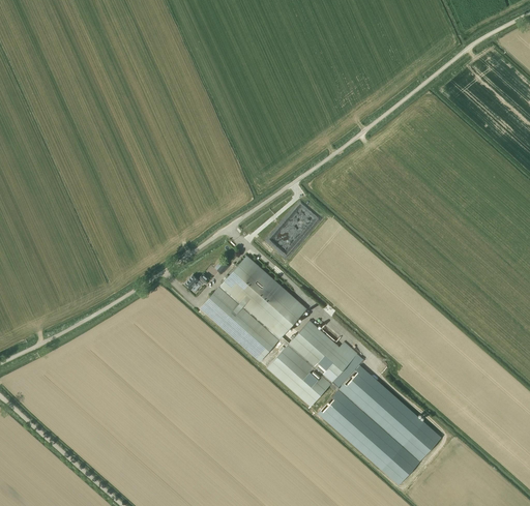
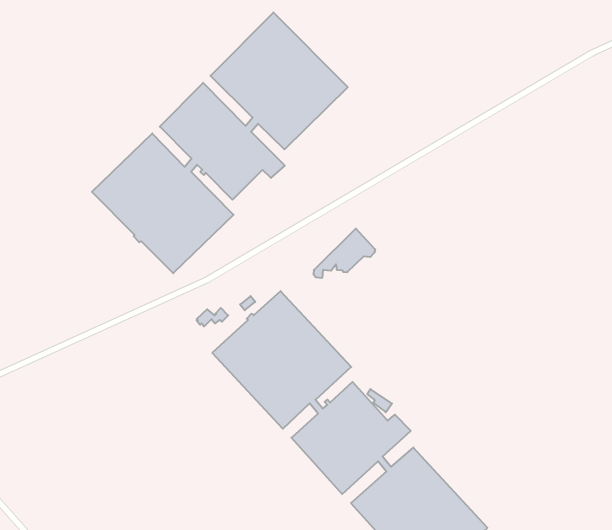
building: none -> [92,12,348,273]

